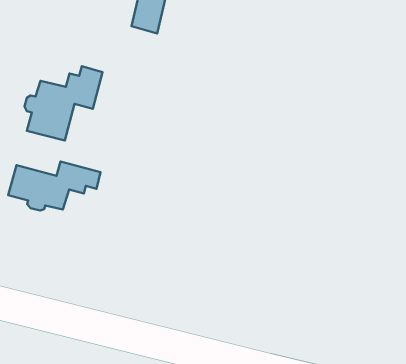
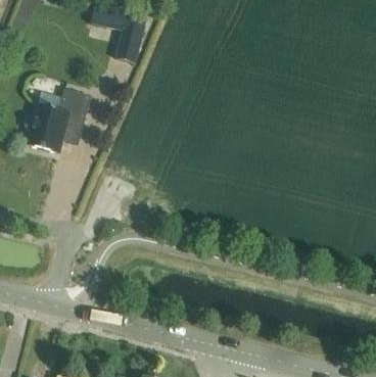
building: [8,161,100,211] -> none

